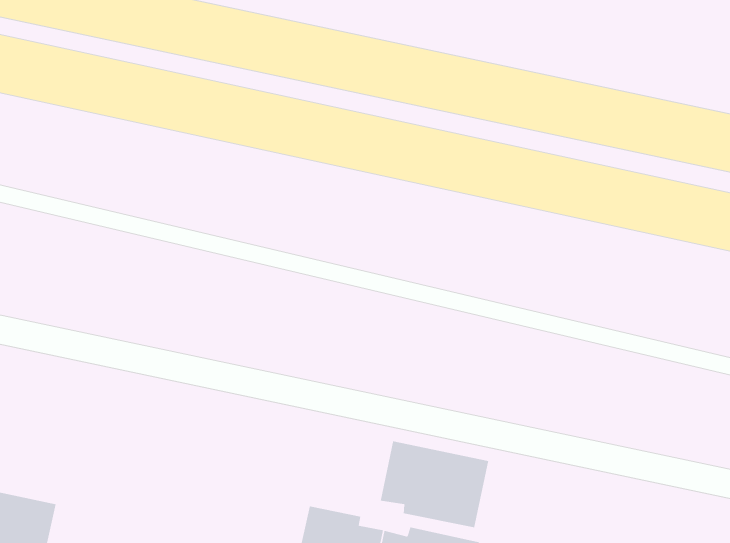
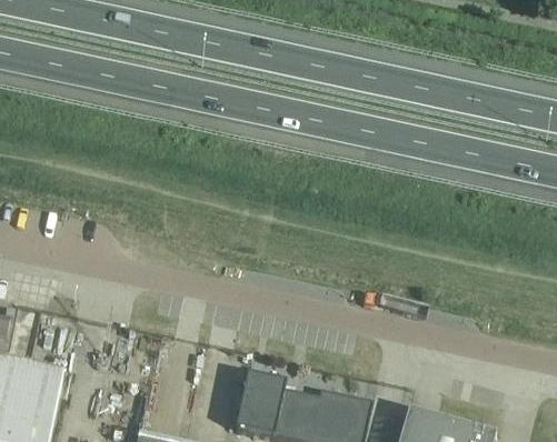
building: [380,440,489,528] -> none

